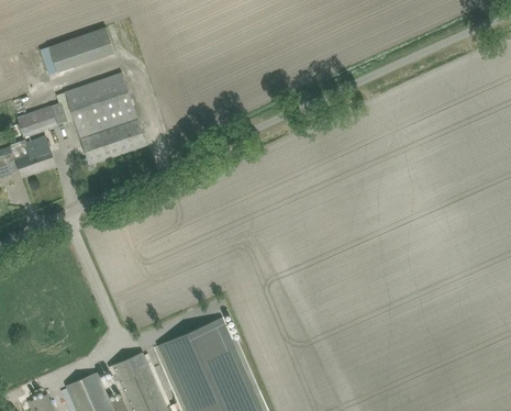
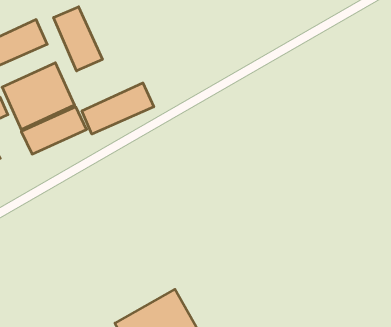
building: none -> [54,7,102,71]
building: none -> [82,83,154,134]

